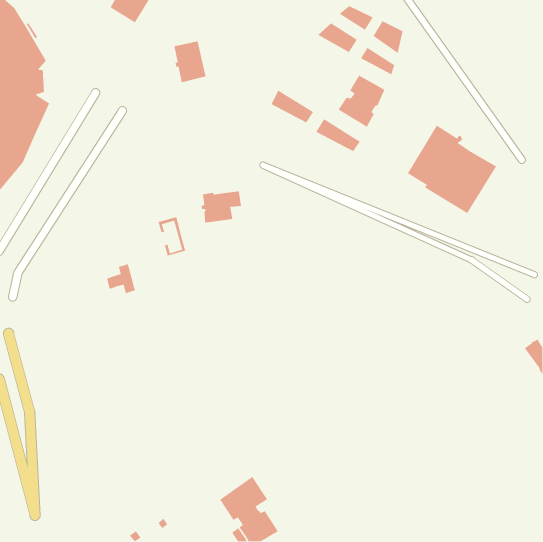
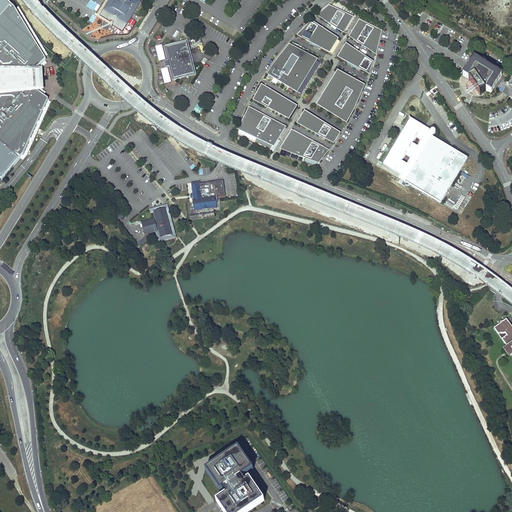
building: none -> [267,42,320,91]
building: none -> [462,56,501,93]
building: none -> [239,106,283,144]
building: none -> [282,130,326,160]
building: [106,263,136,294] -> [142,208,170,237]

